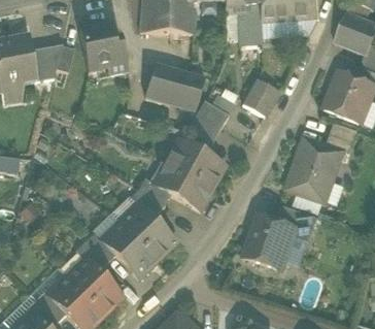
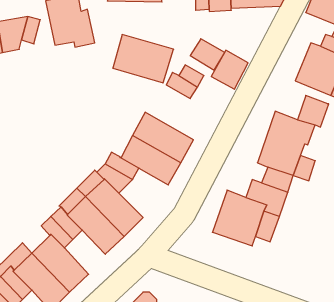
building: [187,112,221,143] -> [190,39,225,70]

